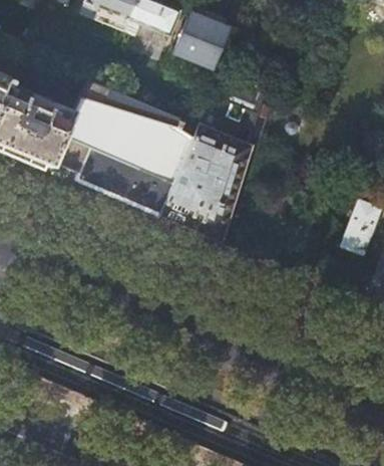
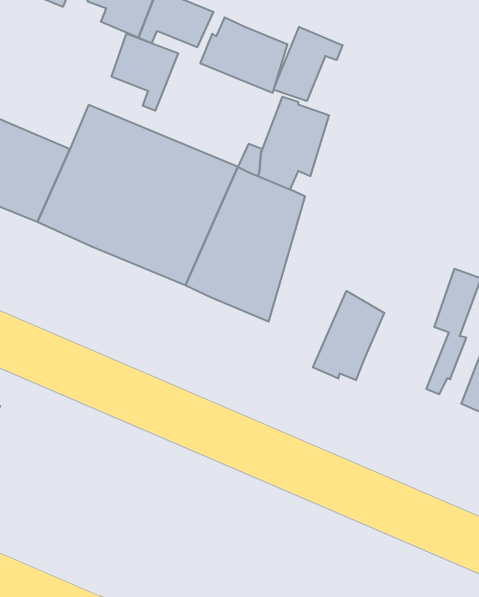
building: none -> [274,27,343,101]
building: none -> [112,33,178,111]
building: none -> [313,291,384,380]

